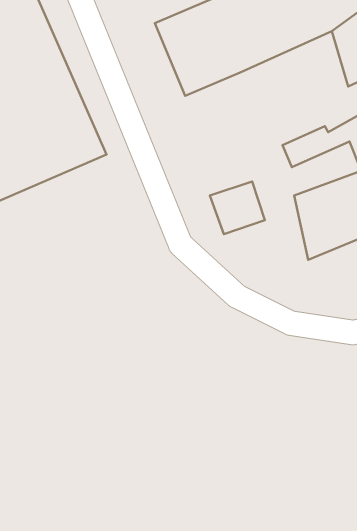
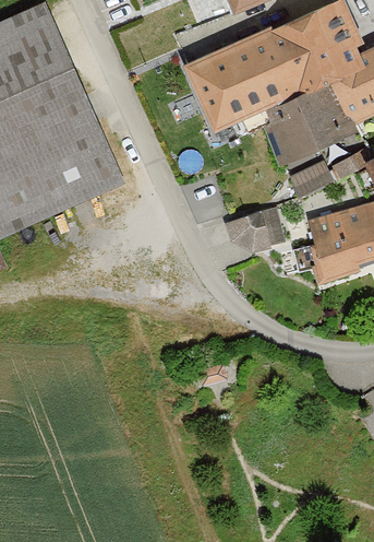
building: none -> [255,72,355,167]

